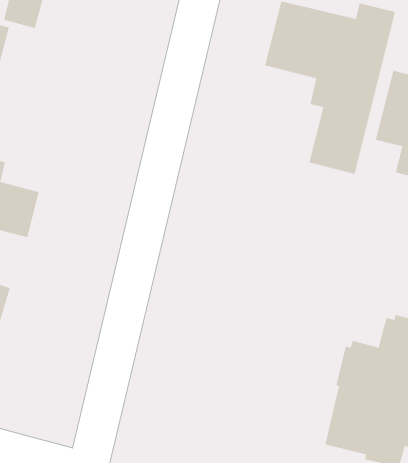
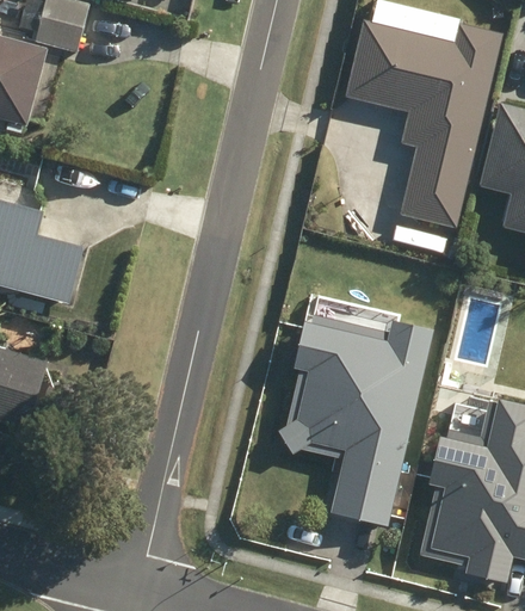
building: none -> [282,310,439,524]

